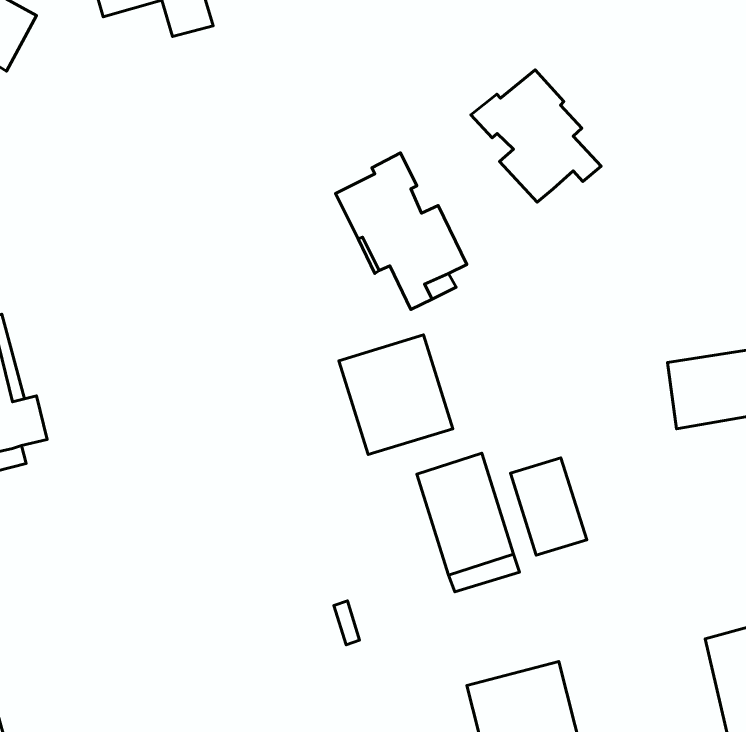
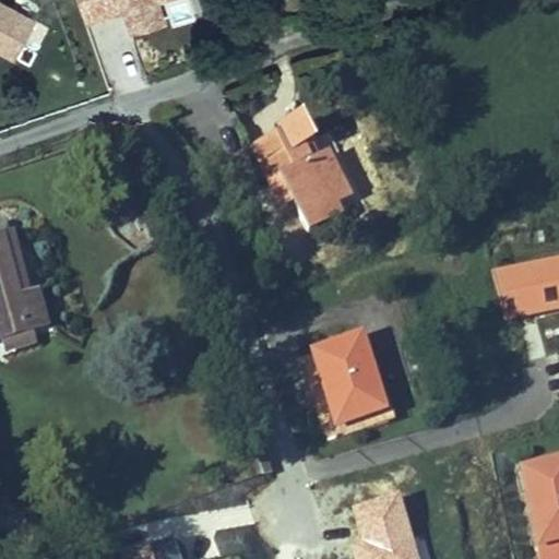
building: [471,70,601,202] -> none
building: [339,335,453,455] -> none
building: [510,458,587,555] -> none

